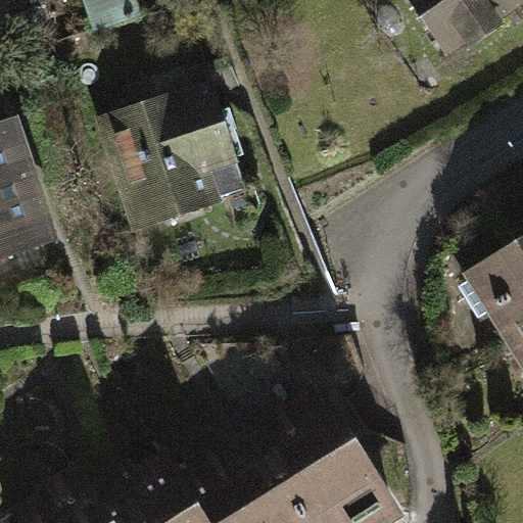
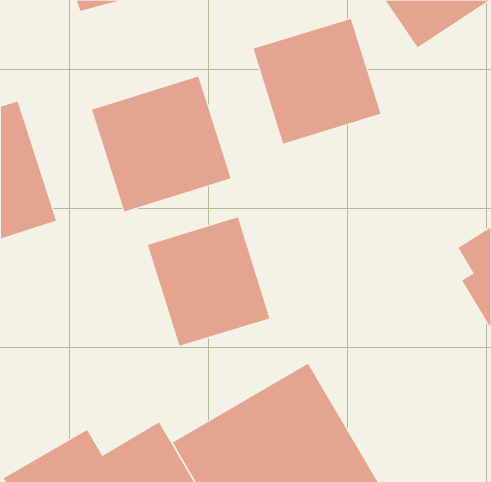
building: none -> [253,18,381,144]
building: none -> [147,217,270,347]

